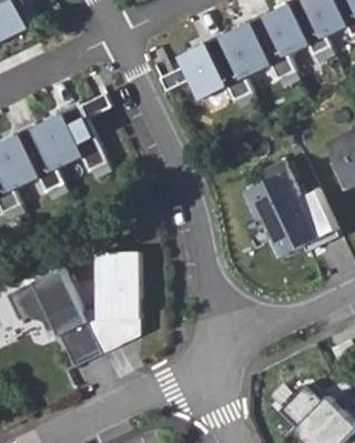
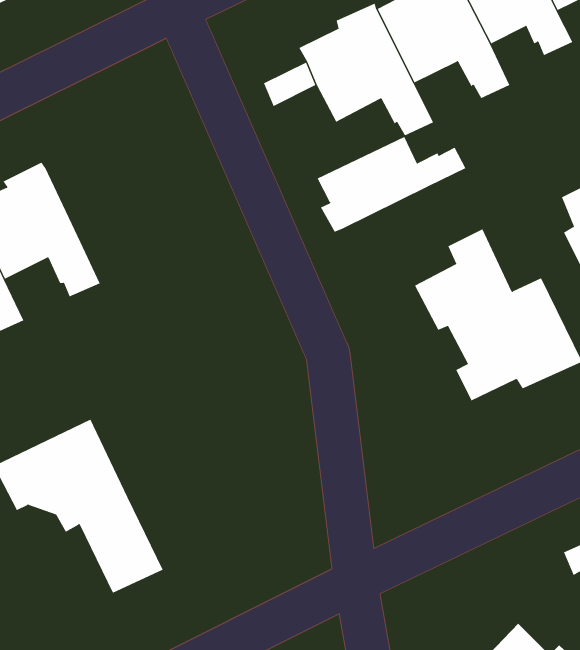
building: [37,101,111,178] -> none
building: none -> [317,136,466,232]
building: [83,252,140,353] -> none

